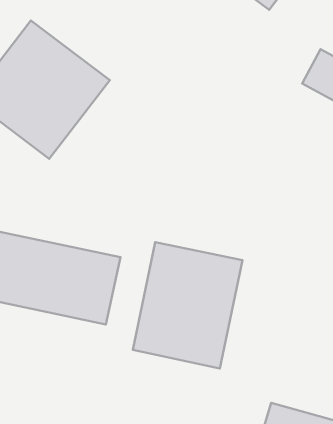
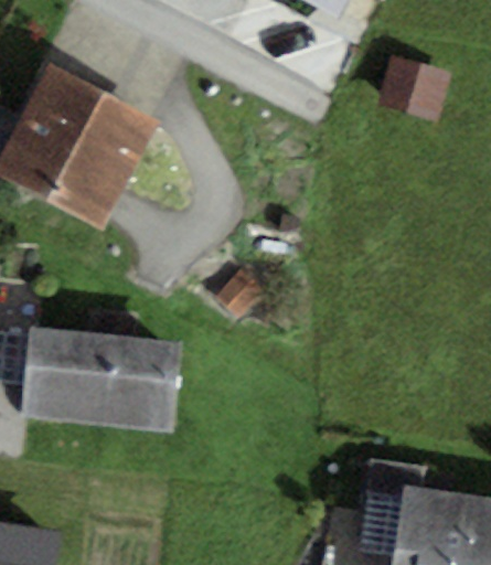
building: [133,242,243,369] -> none

